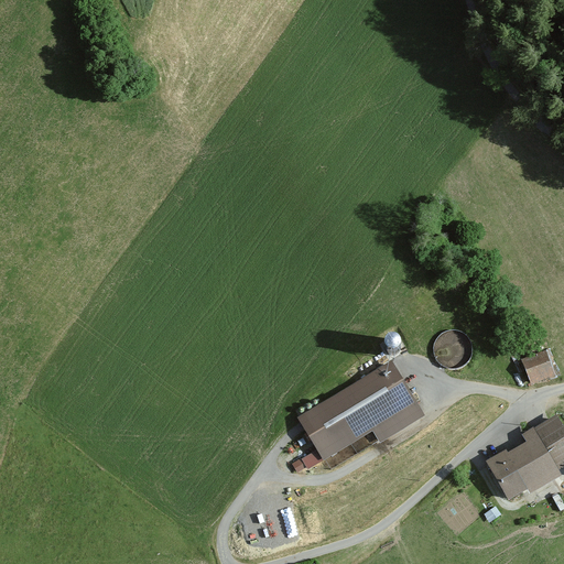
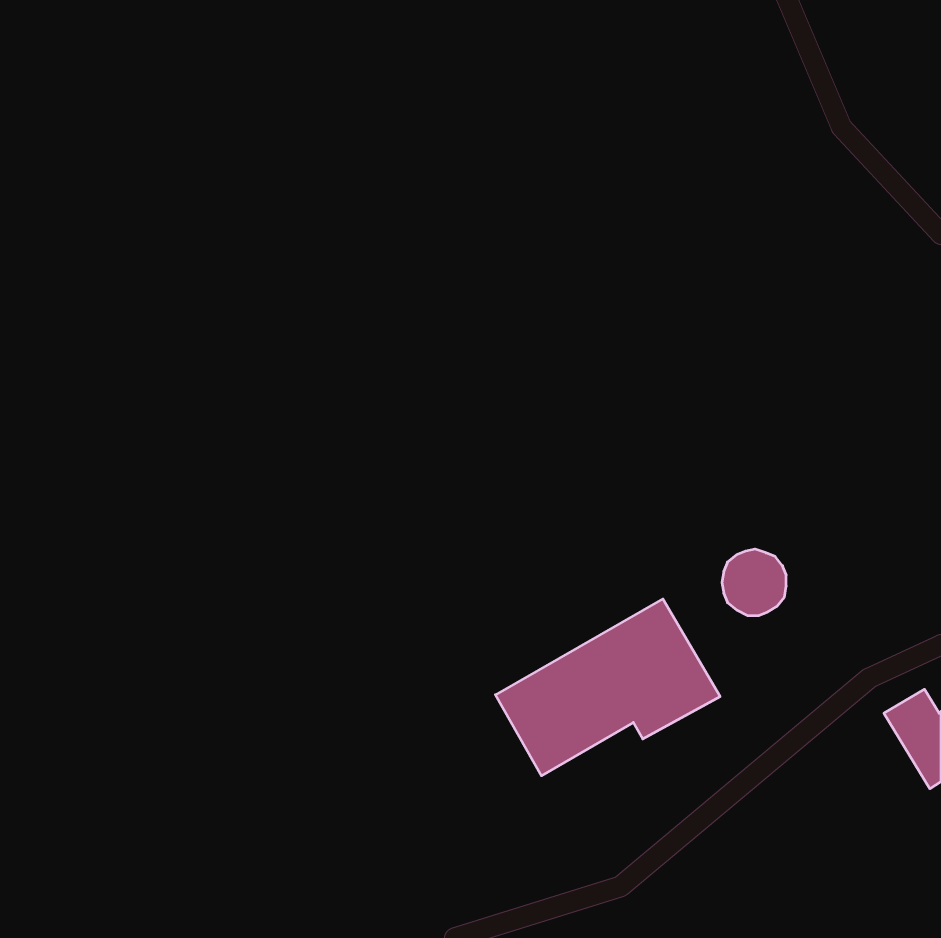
building: [518,348,556,386] -> none
building: [487,426,556,500] -> none

